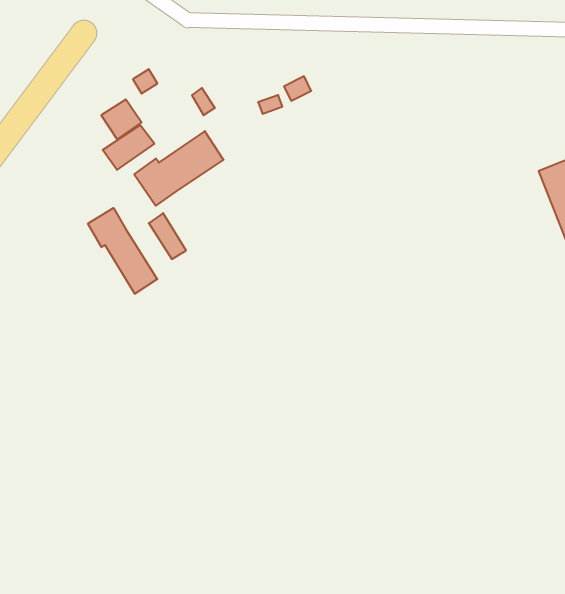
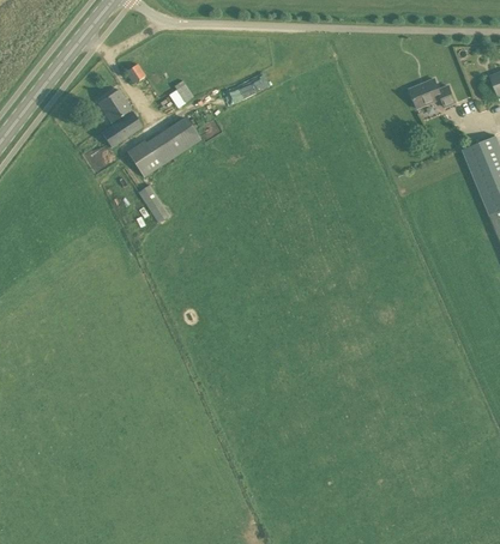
building: none -> [411,79,456,108]
building: [88,208,157,294] -> none

